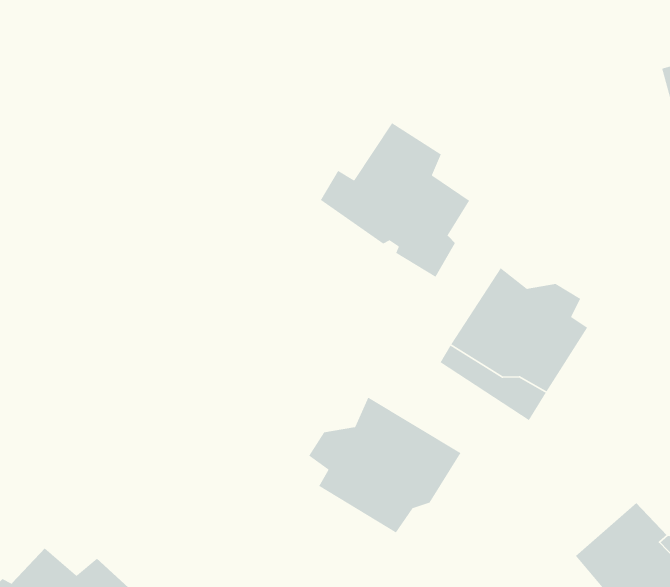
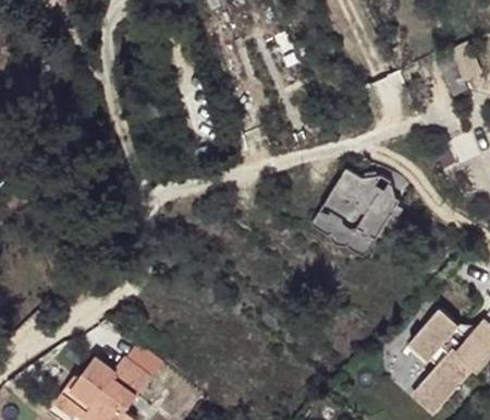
building: [320,122,470,278] -> none
building: [308,397,461,534] -> none

